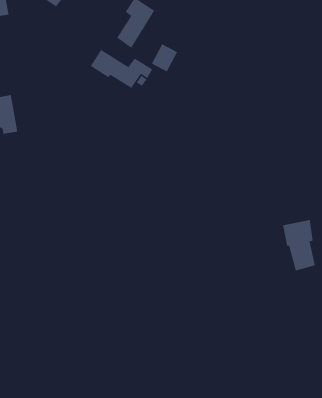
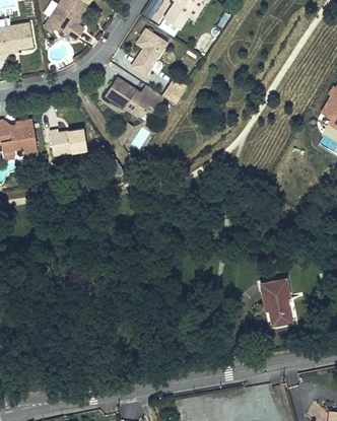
building: none -> [49,130,84,157]
building: [282,219,316,271] -> [260,276,291,325]

